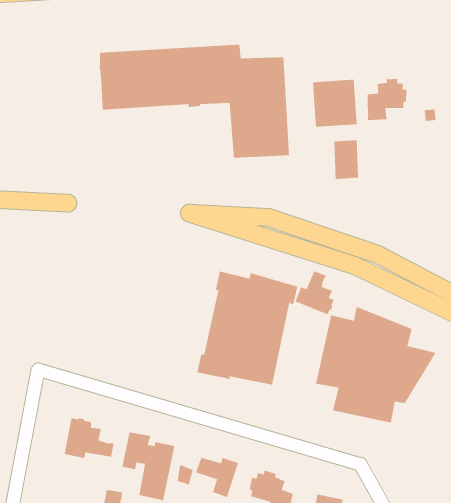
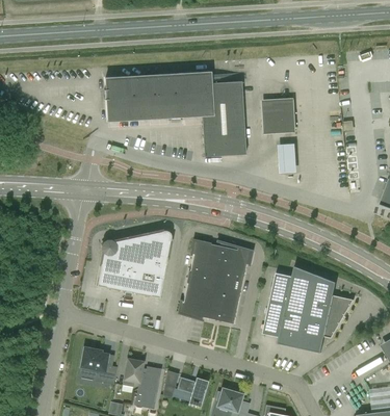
building: [367,78,407,121] -> none
building: none -> [97,230,171,297]
building: [295,270,334,315] -> none

